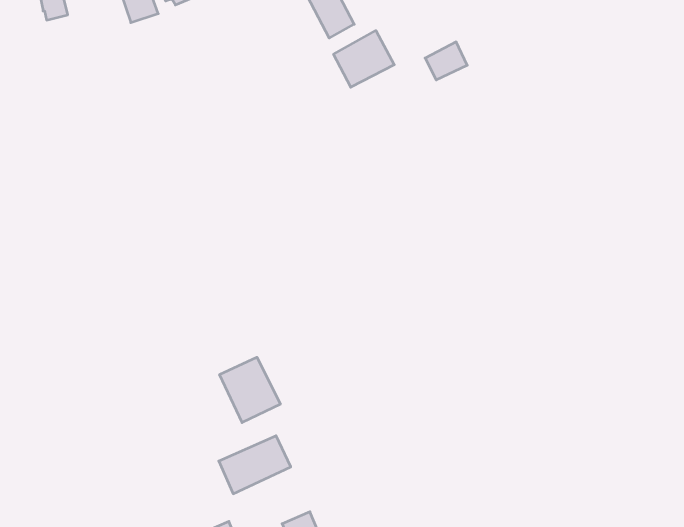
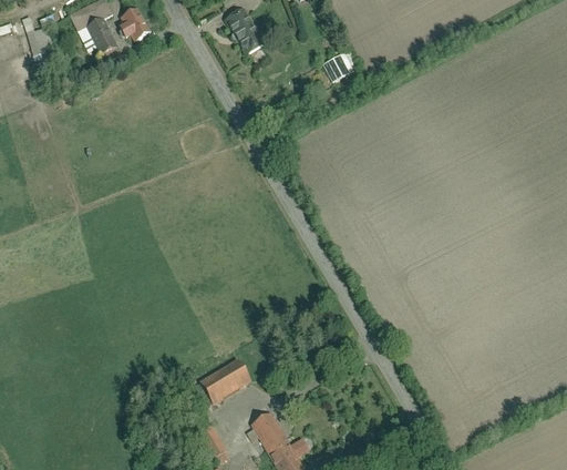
building: [334,31,394,87] -> none
building: [220,357,280,423] -> none

